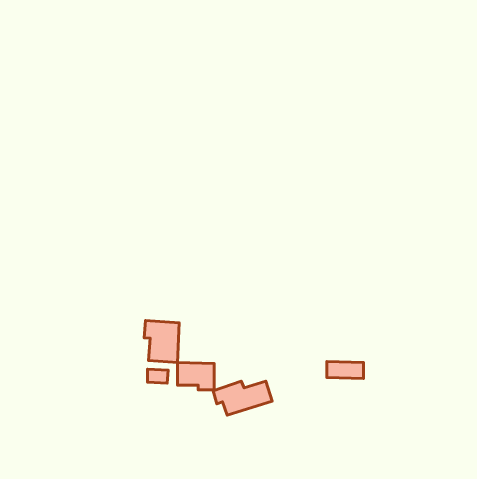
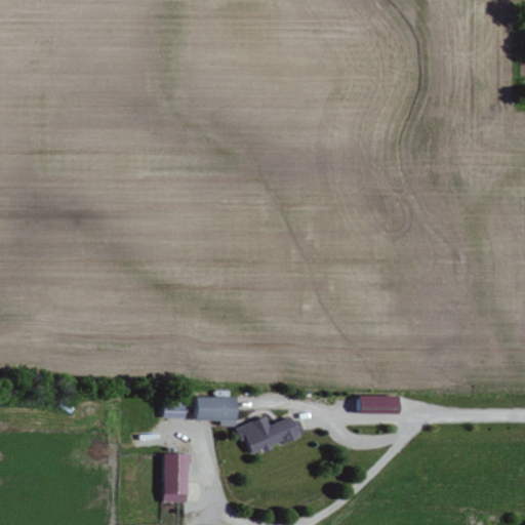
building: [144,321,179,363] -> none
building: none -> [163,453,189,501]

